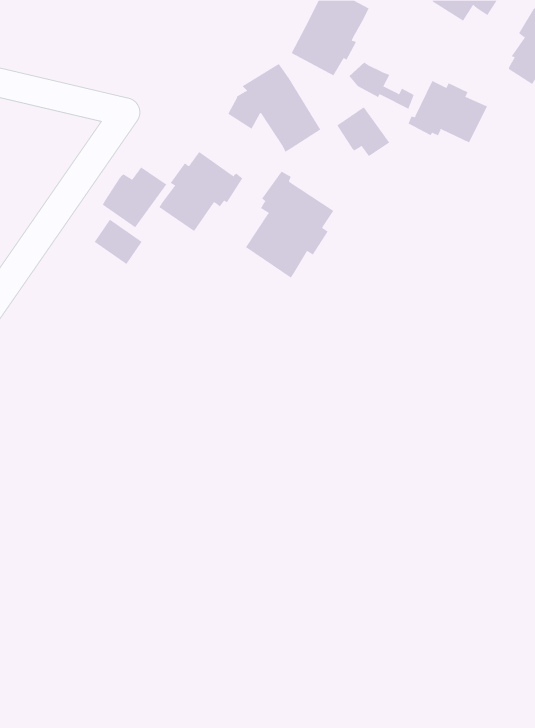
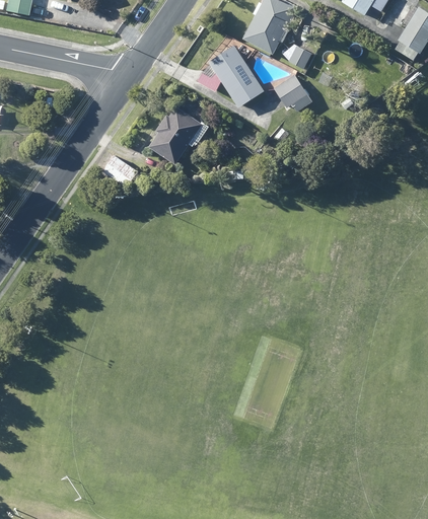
building: [408,80,488,143] -> none
building: [102,166,167,228] -> none
building: [245,171,334,279] -> none

